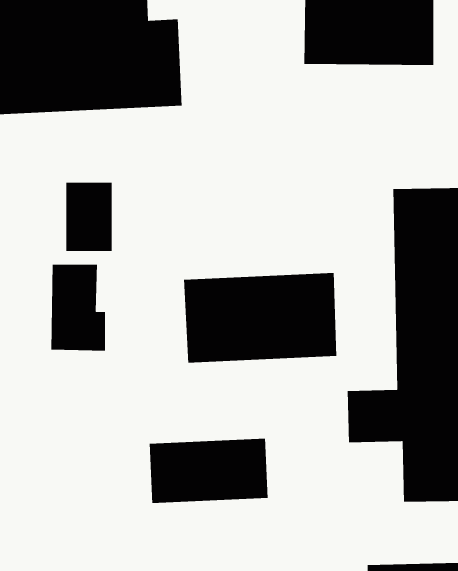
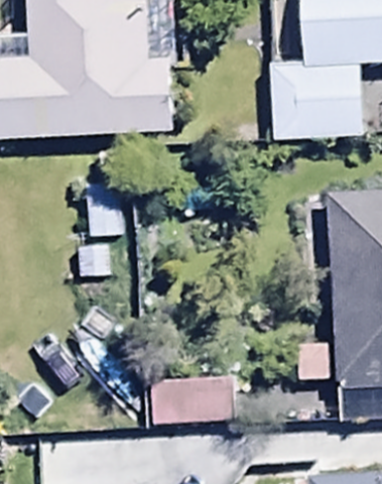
building: [183,272,337,364] -> none

